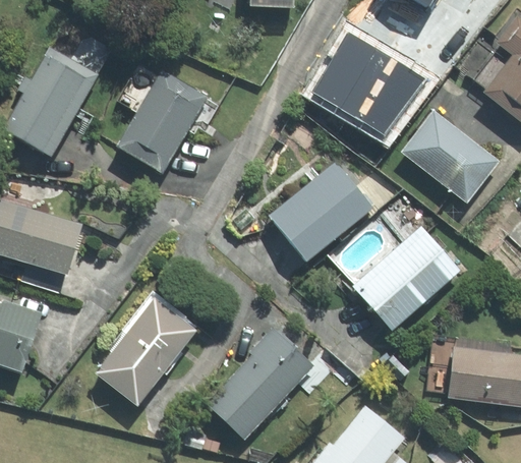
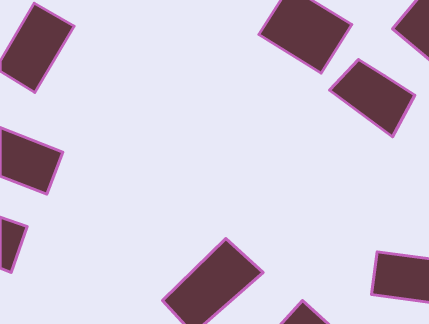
building: [115,68,207,169] -> none
building: [267,161,371,261] -> none
building: [354,229,461,332] -> none
building: [92,301,195,408] -> none

